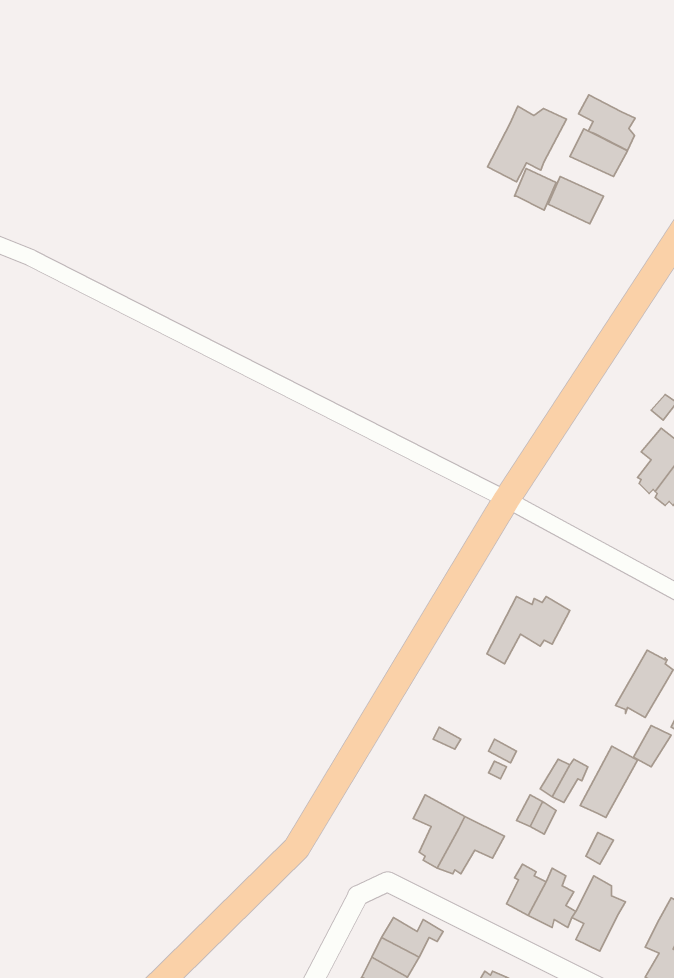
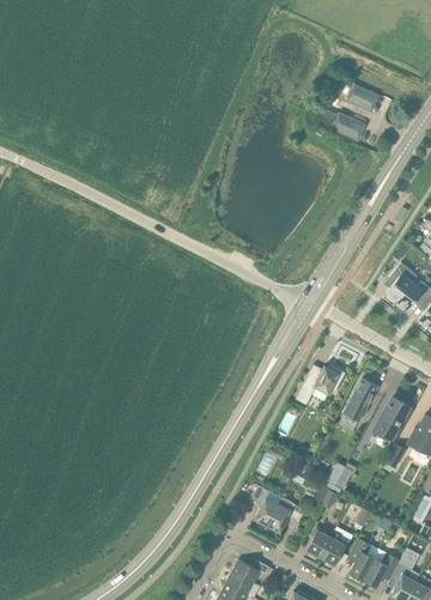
building: [579,95,635,151] -> none
building: [487,106,566,182] -> none
building: [580,746,638,818] -> [344,378,378,422]
building: none -> [364,550,400,587]

